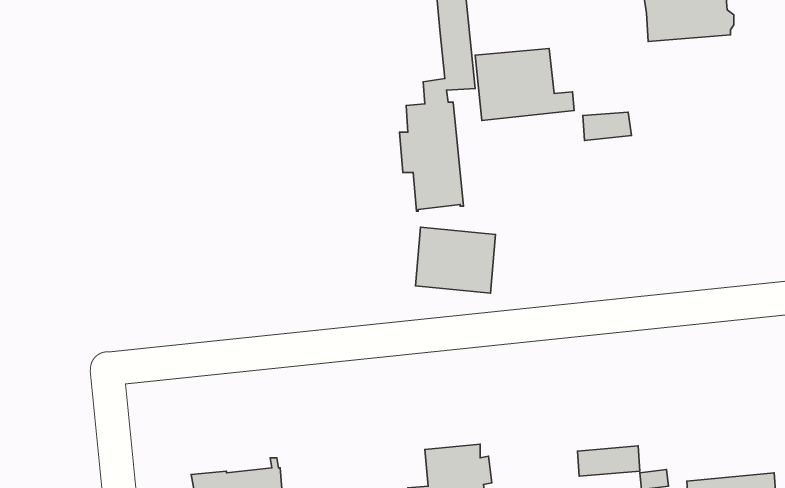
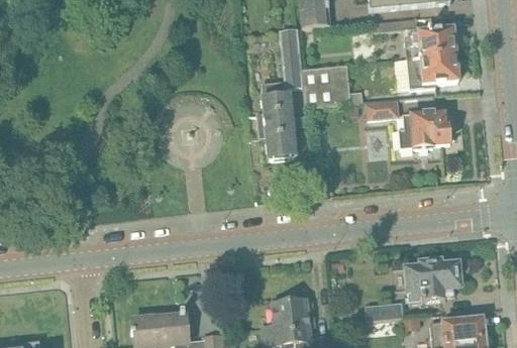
building: none -> [395,53,460,88]
building: none -> [399,111,450,148]
building: [416,227,496,293] -> none
building: none -> [406,258,459,301]

